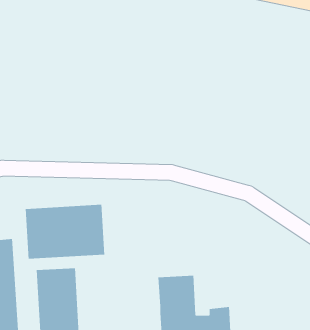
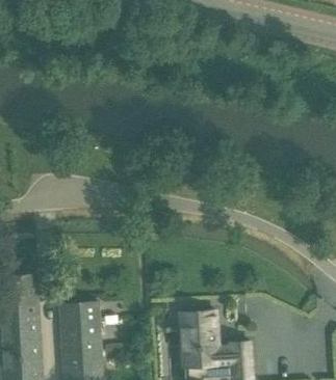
building: [25,204,105,259] -> none

